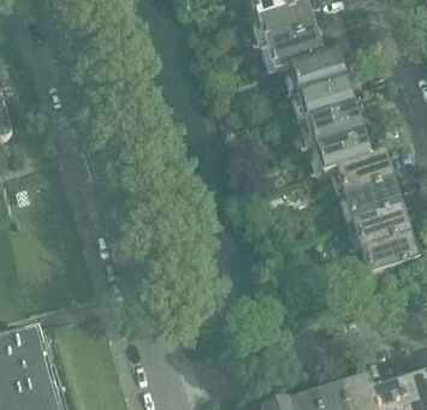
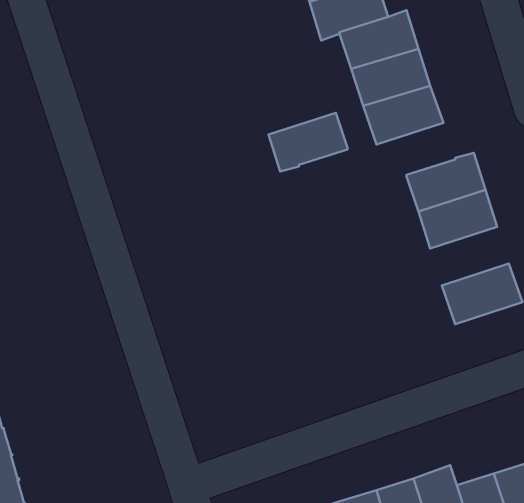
building: [313,126,369,168] -> [269,113,347,171]
building: [351,201,408,243] -> none

